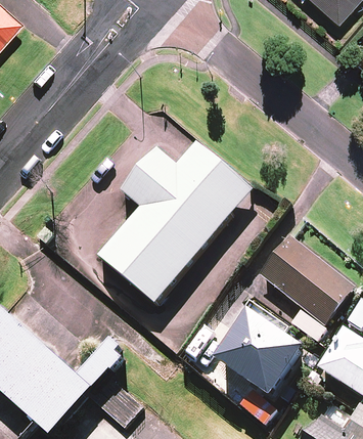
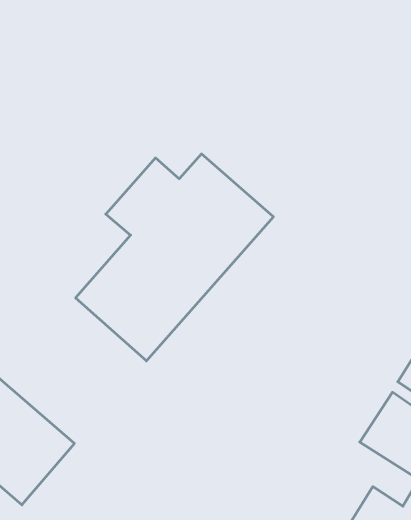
building: [259,240,352,342] -> none
building: [213,313,302,400] -> none

